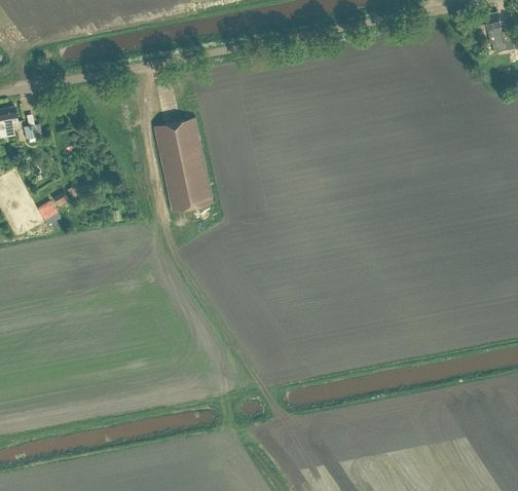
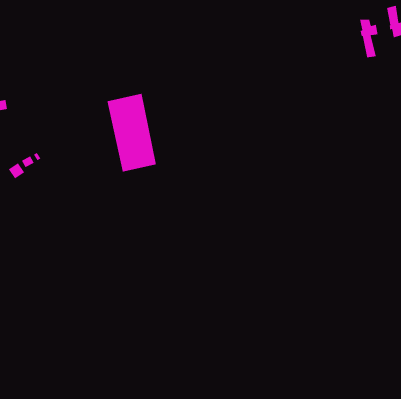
building: none -> [359,19,379,58]

